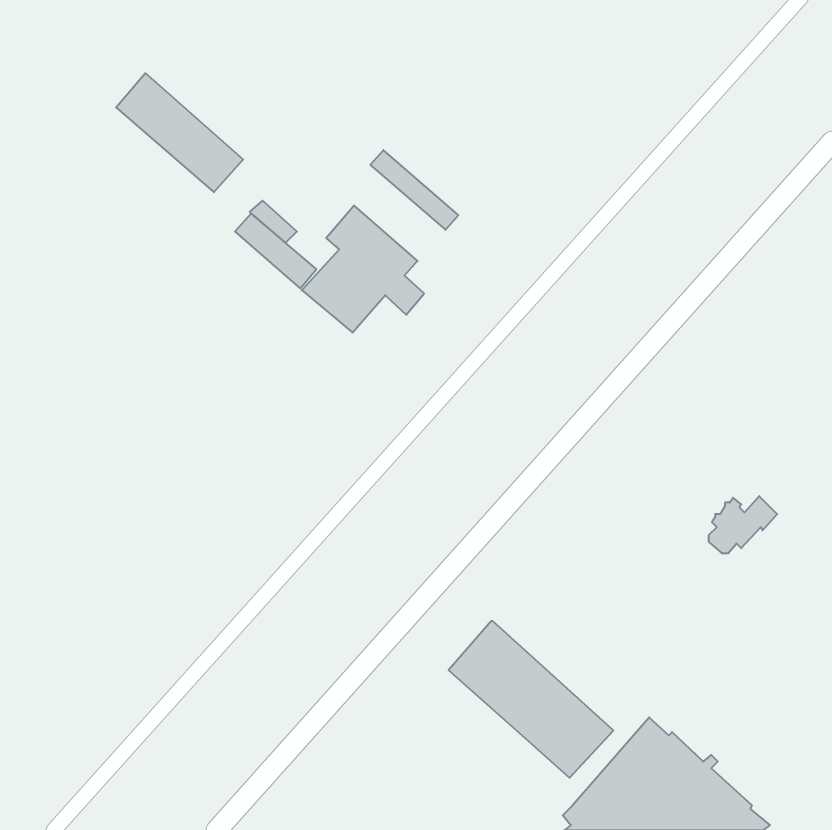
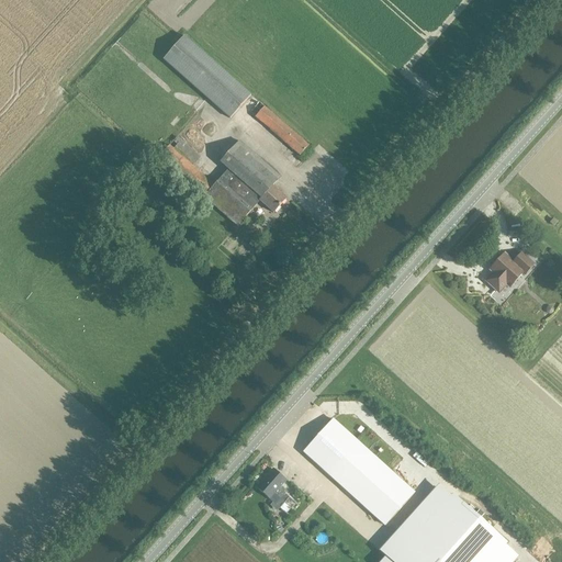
building: [116,73,243,192] -> [165,35,250,115]
building: [709,496,777,553] -> [487,250,533,289]
building: none -> [256,468,295,512]

